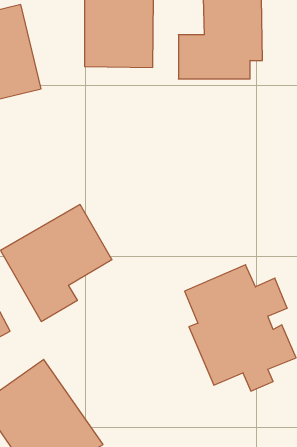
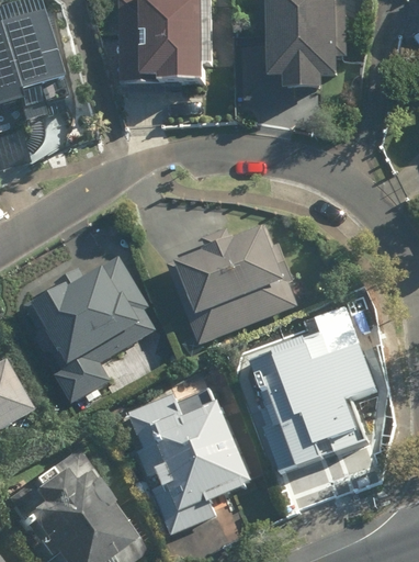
building: none -> [167,224,301,344]
building: none -> [120,374,259,531]

